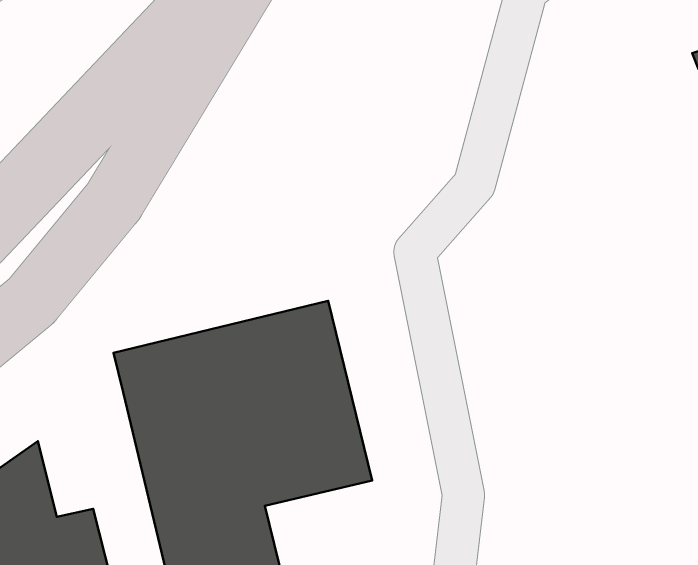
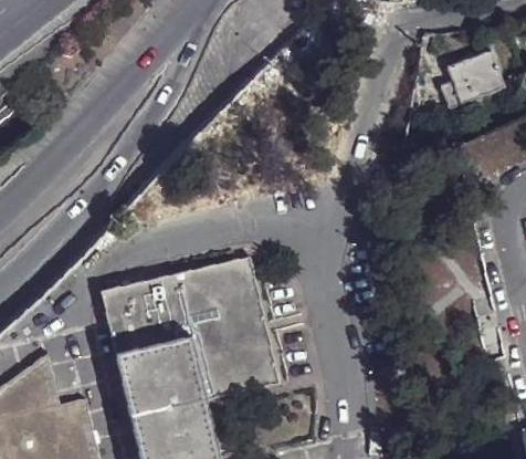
building: none -> [439,53,502,111]

